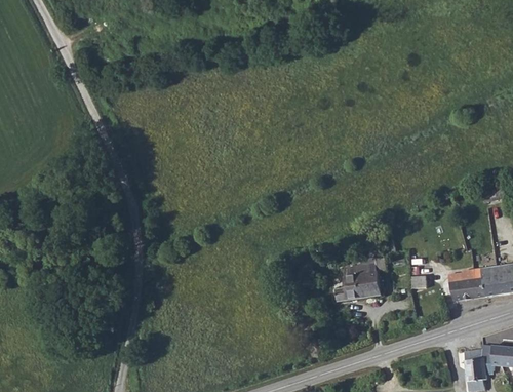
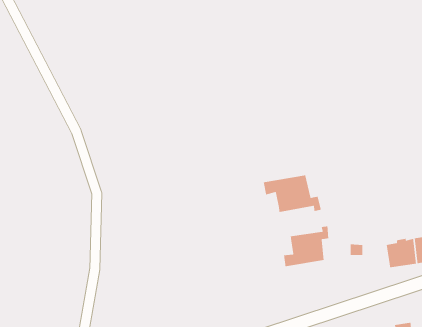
building: none -> [263,175,322,213]

